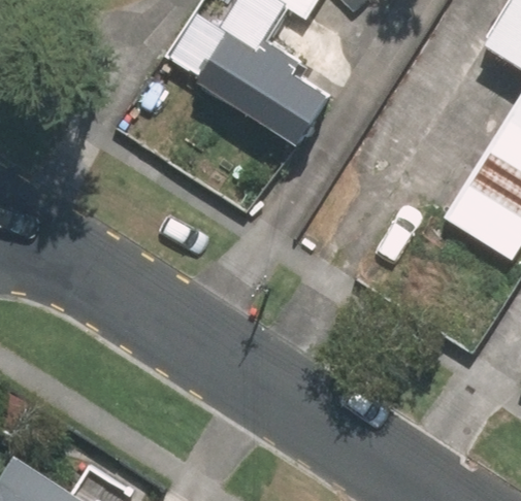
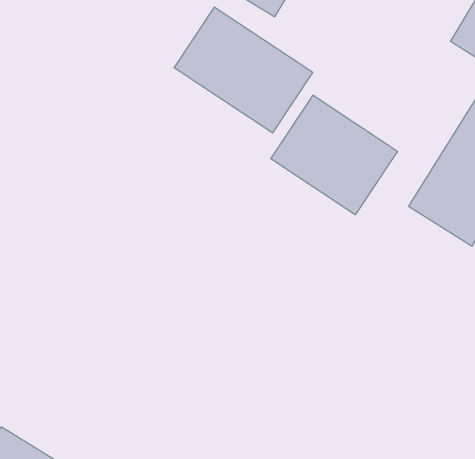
building: none -> [271,95,397,215]

